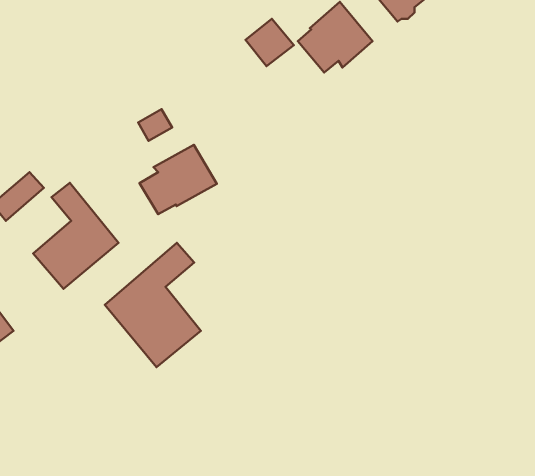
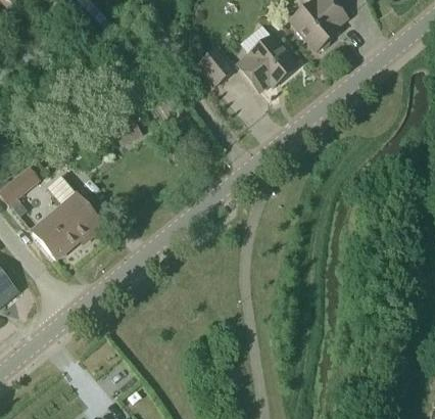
building: [140,145,217,214] -> none
building: [105,243,201,367] -> none

